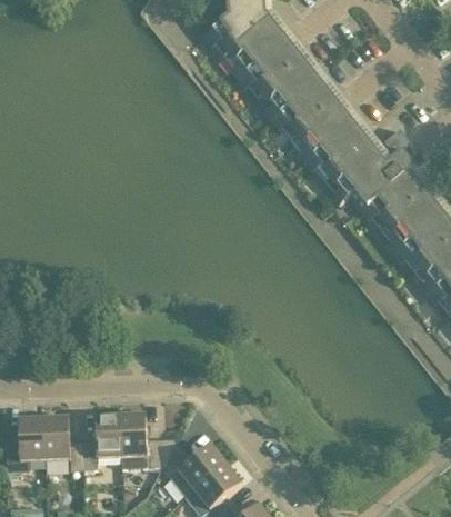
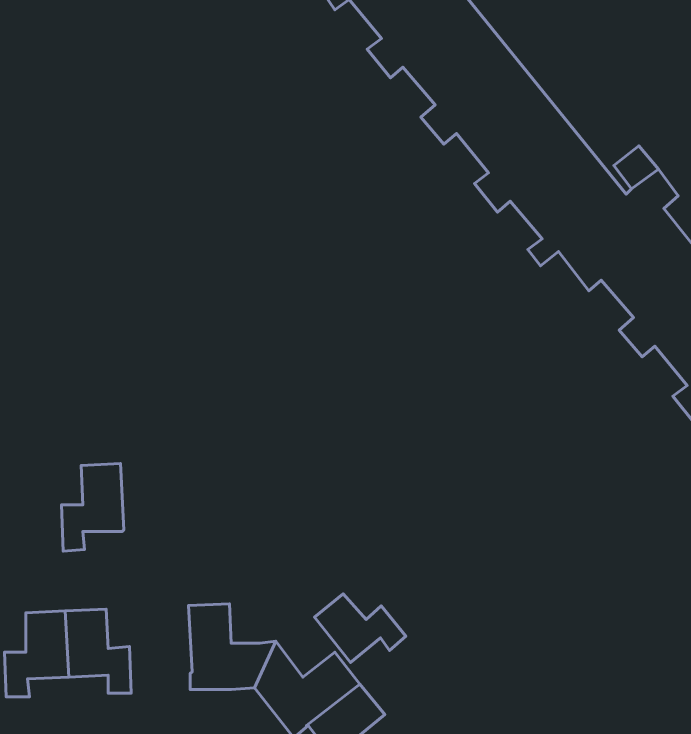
building: none -> [315,594,406,662]
building: [82,414,121,468] -> [61,464,124,551]

